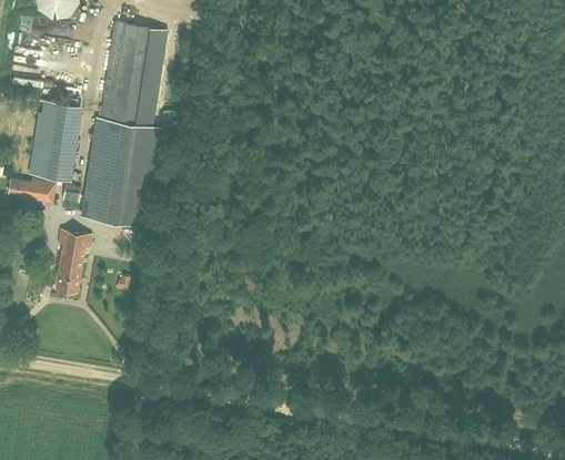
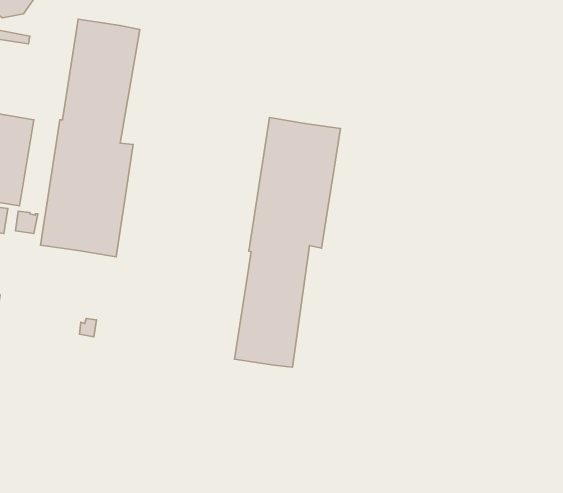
building: none -> [234,117,340,367]
building: [54,231,91,294] -> none

